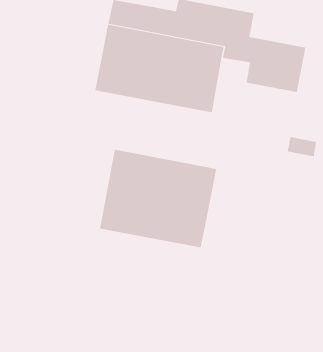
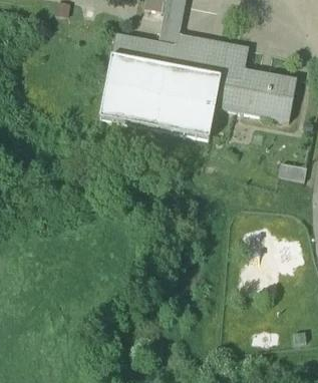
building: [99,149,217,248] -> none

